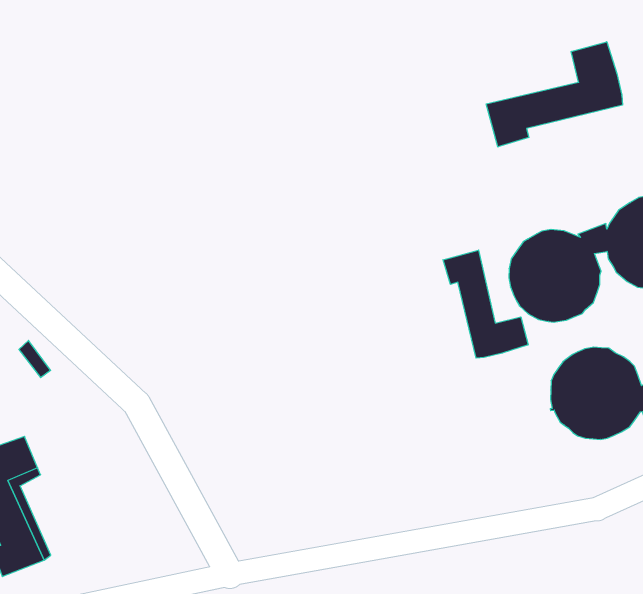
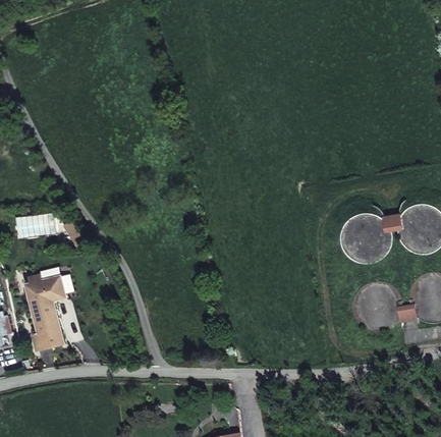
building: [486,42,622,147] -> none
building: [443,250,528,358] -> none

